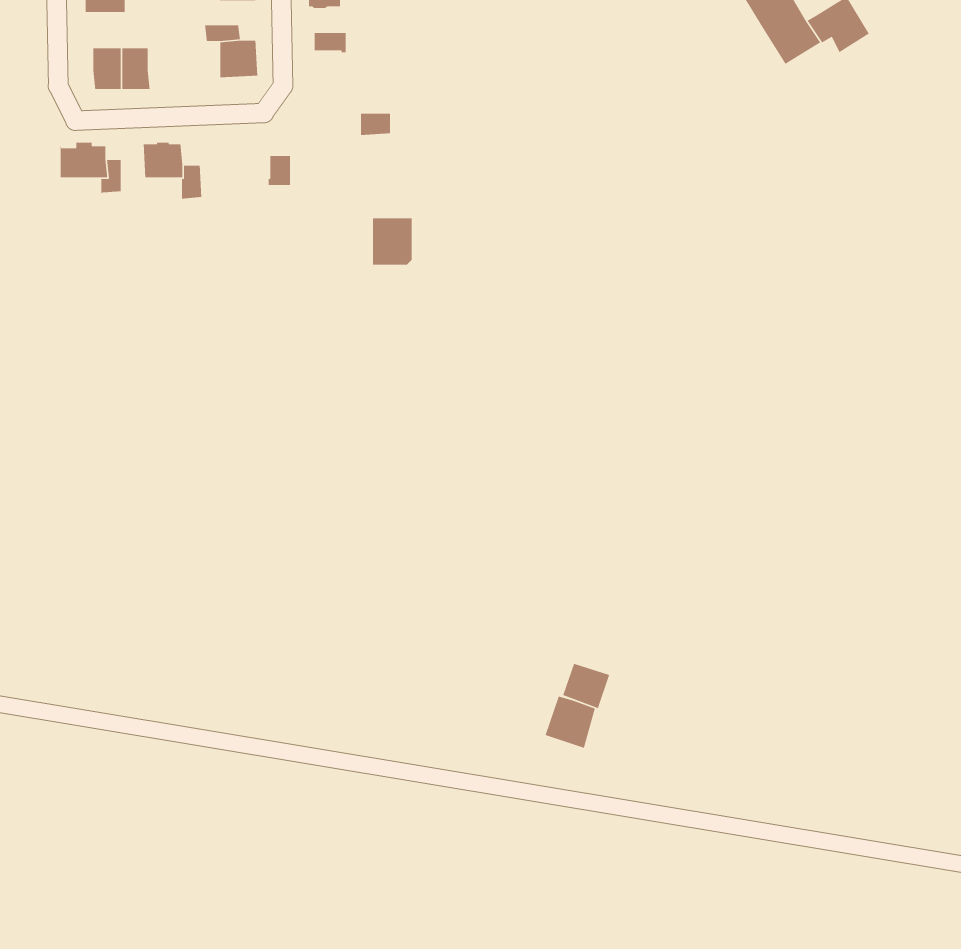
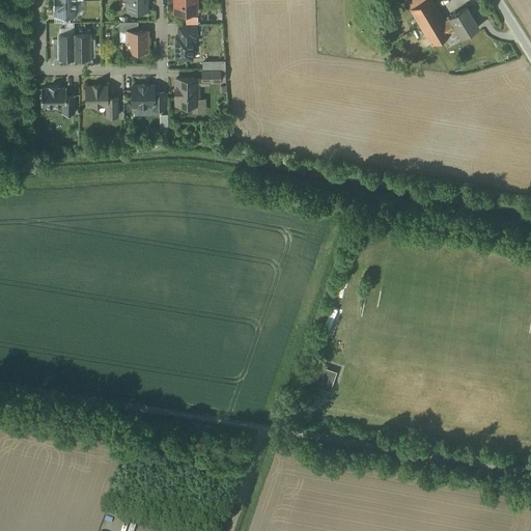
building: none -> [175,37,193,60]
building: none -> [133,85,155,106]
building: [372,218,413,266] -> [176,79,198,105]
building: [545,696,596,749] -> none

